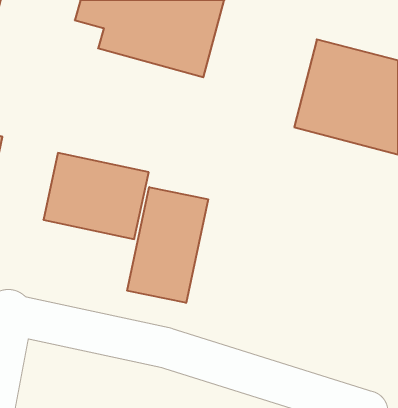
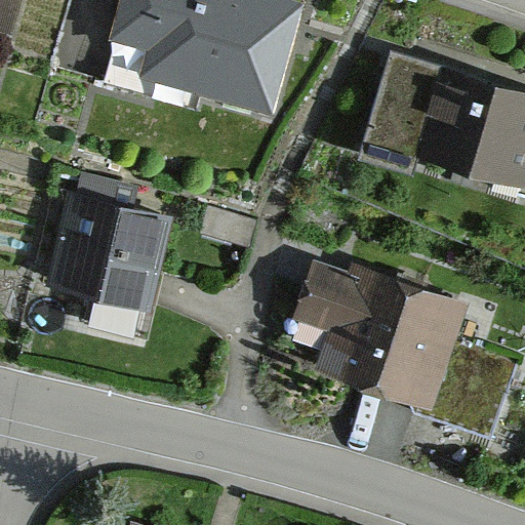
building: [127,187,208,303] -> none
building: none -> [315,264,500,437]

